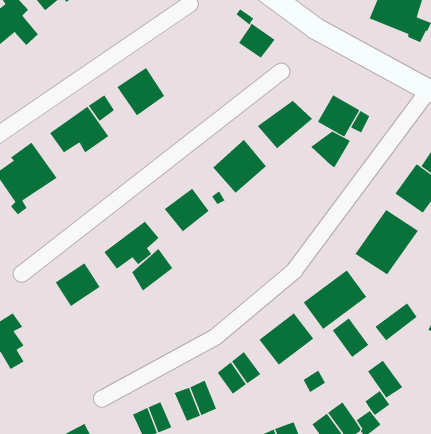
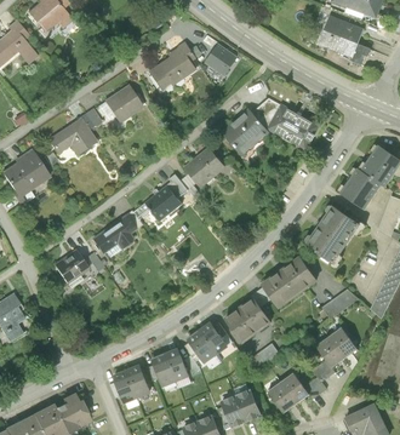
building: none -> [148,41,198,95]
building: [311,131,351,168] -> [252,101,286,132]
building: [132,248,173,292] -> none
building: [332,318,369,358] -> [328,322,360,356]

